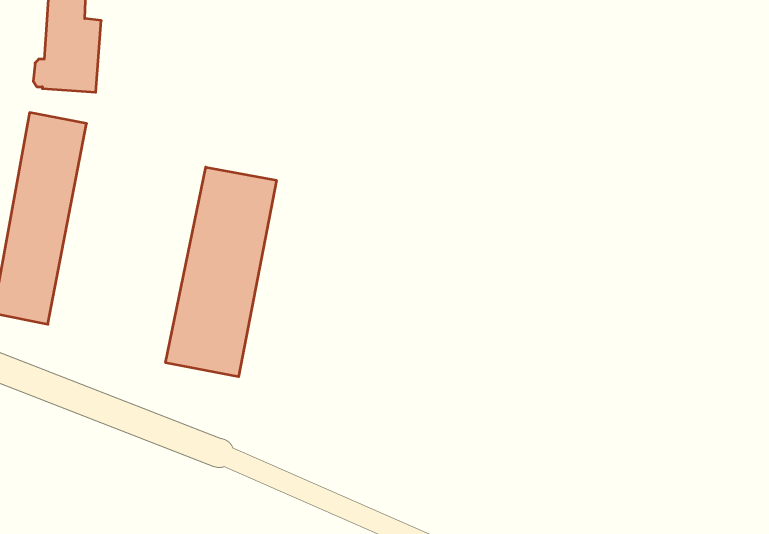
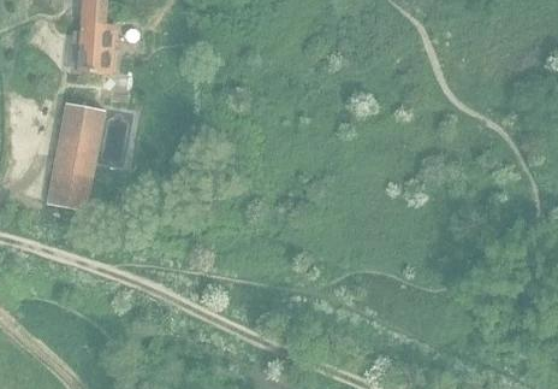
building: [166,167,276,377] -> none

